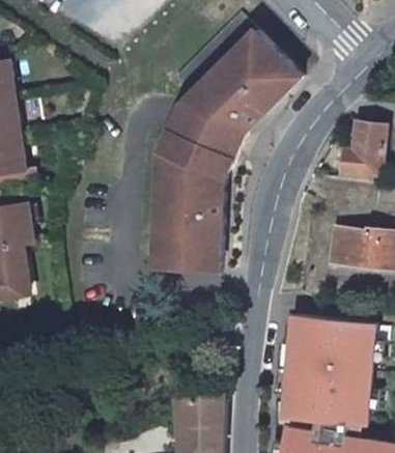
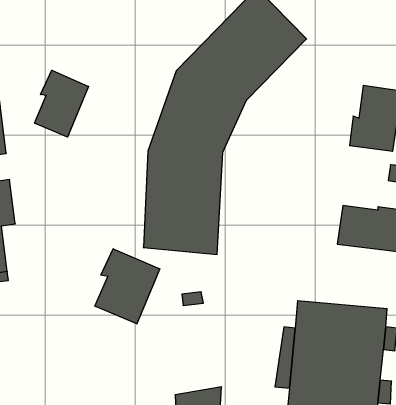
building: none -> [34,70,89,137]
building: none -> [95,249,160,324]

